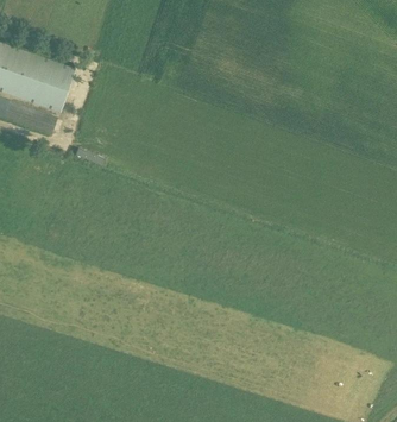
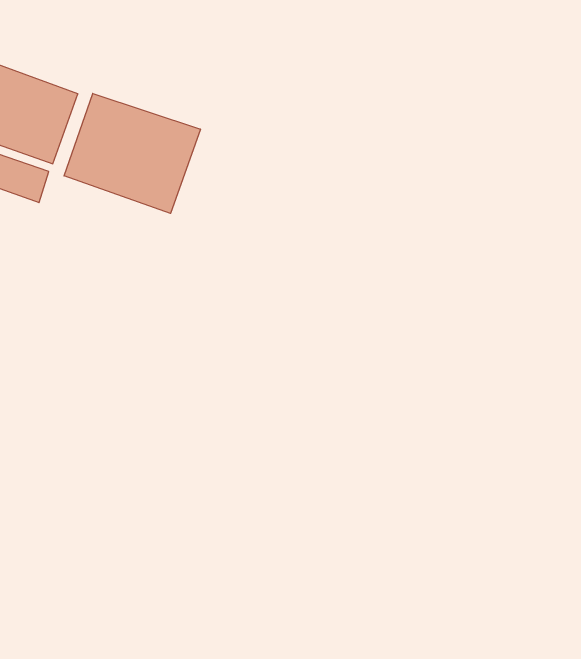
building: none -> [64,93,200,213]

